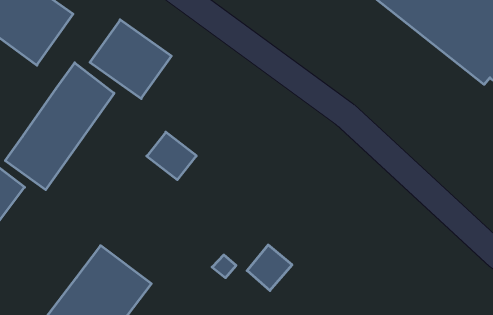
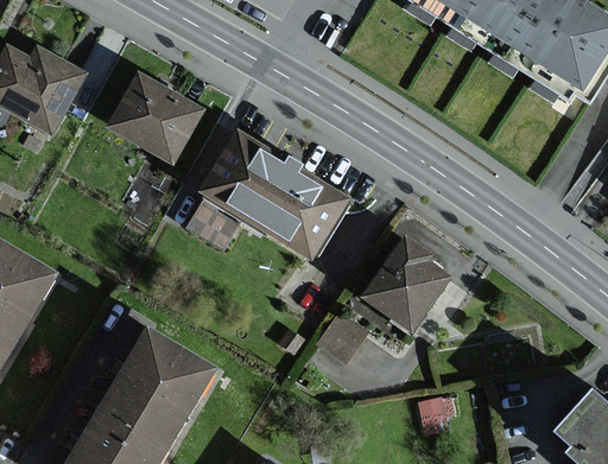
building: [5,63,114,190] -> none
building: none -> [202,126,355,259]
building: none -> [362,233,455,331]

